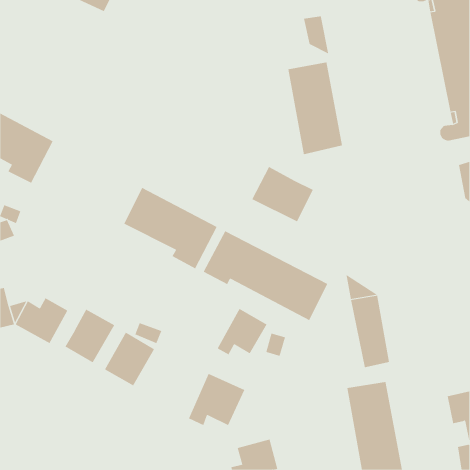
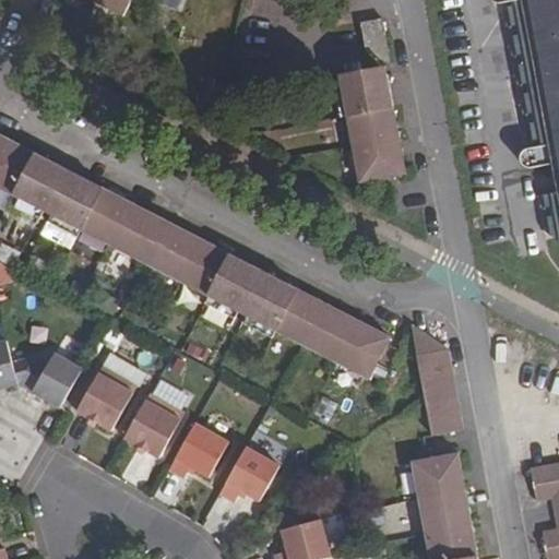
building: none -> [46,171,162,261]
building: [252,166,314,222] -> none
building: [217,308,268,355] -> [168,423,228,478]

